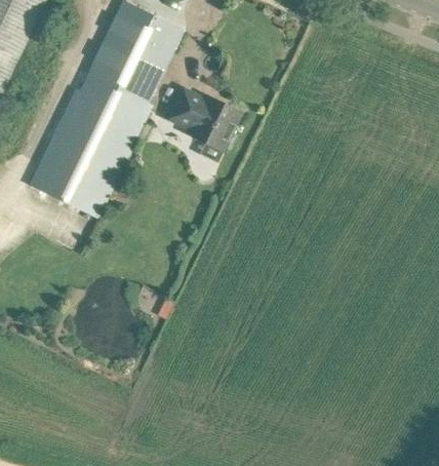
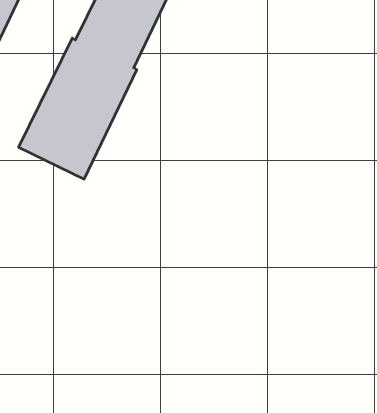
building: [167,86,242,151] -> none

